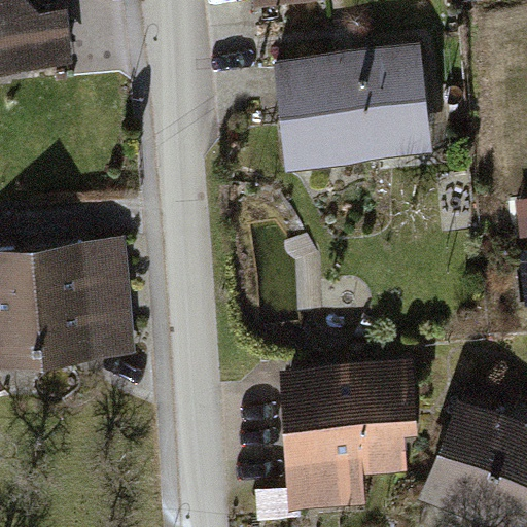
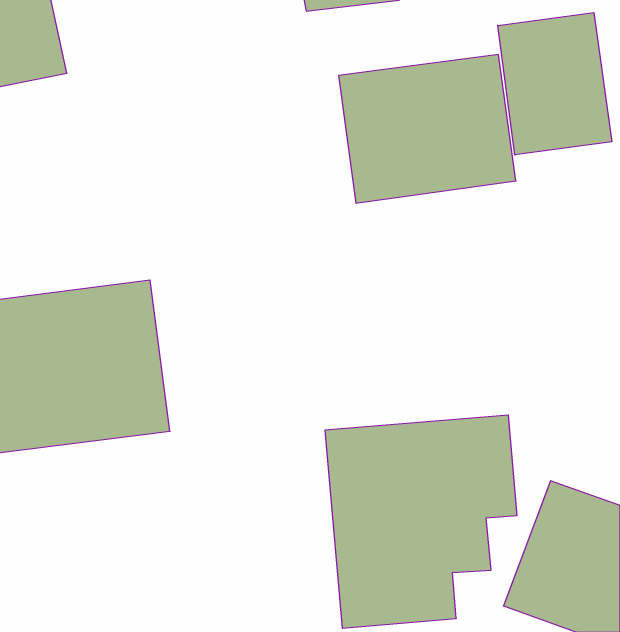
building: none -> [498,13,612,155]

